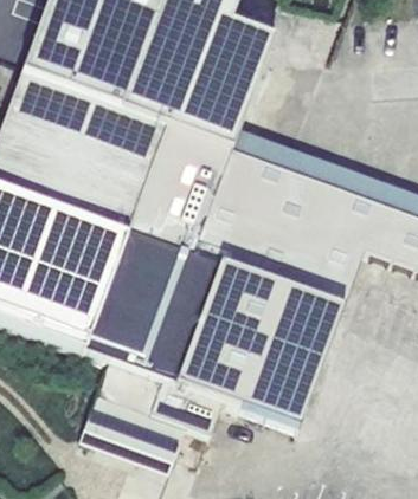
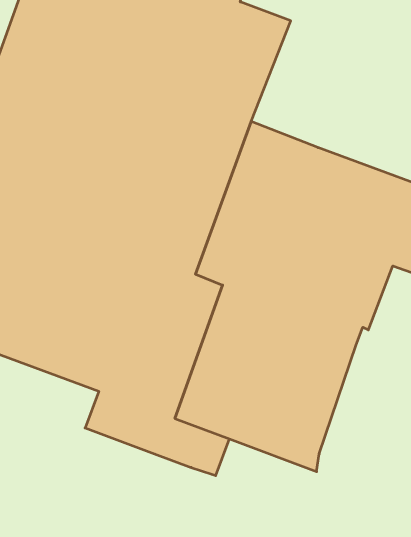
building: [79,391,189,475] -> none

